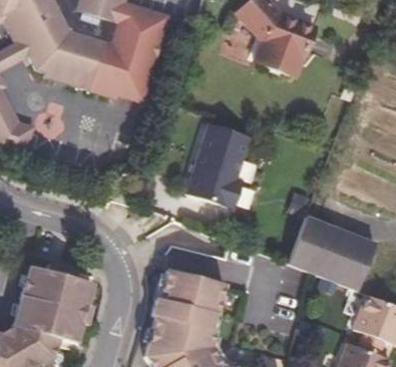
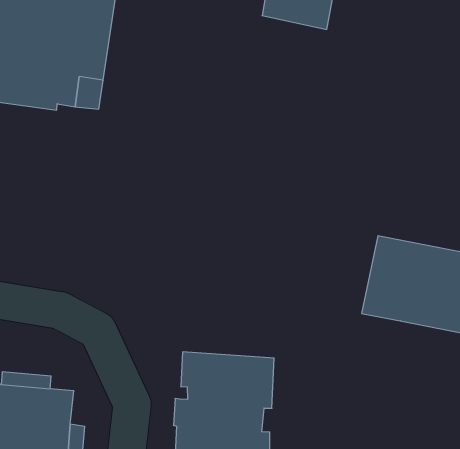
building: [187,125,256,214] -> none

